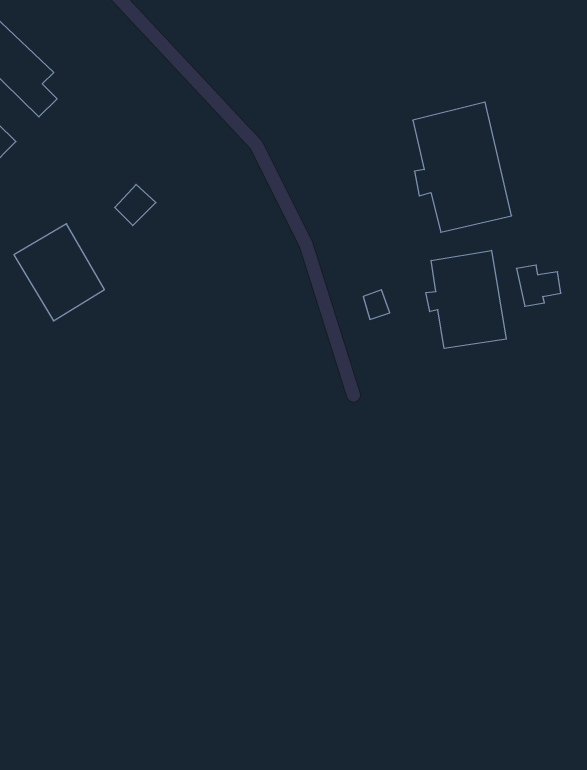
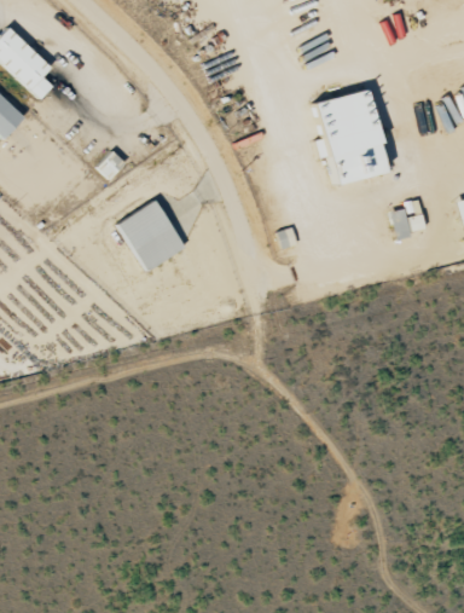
building: [14,224,104,321] -> [118,201,185,272]
building: [426,250,506,348] -> none

